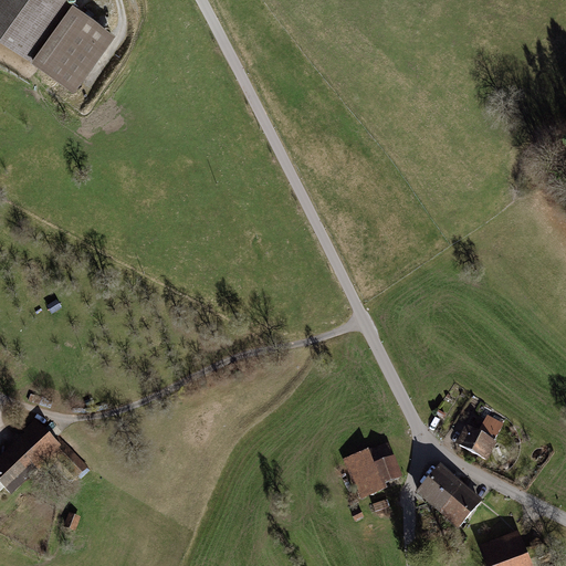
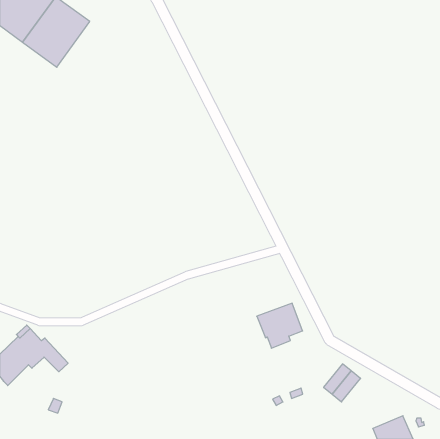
building: [454,417,503,463] -> none
building: [342,444,400,502] -> [257,303,303,348]
building: [438,485,482,531] -> none

